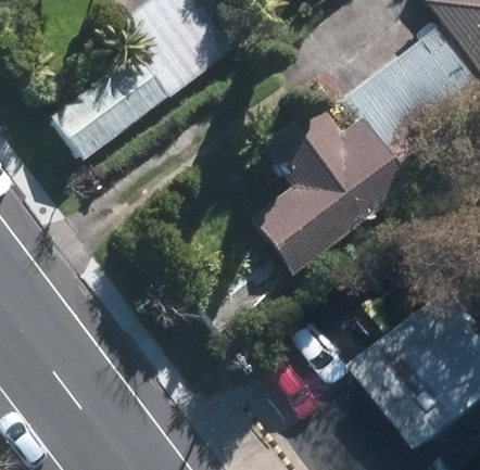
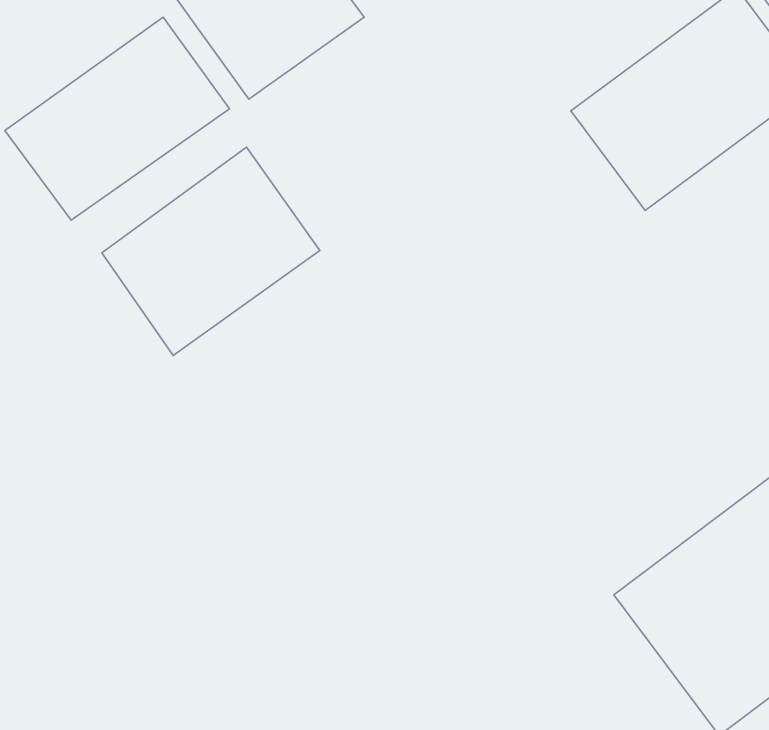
building: [256,111,399,242] -> none
building: none -> [102,147,320,355]

